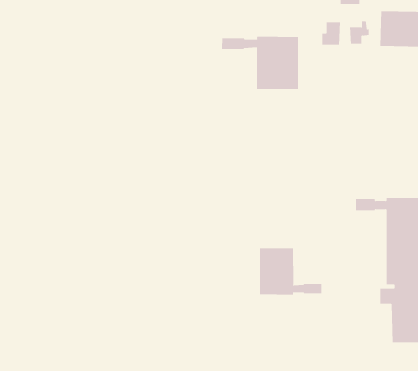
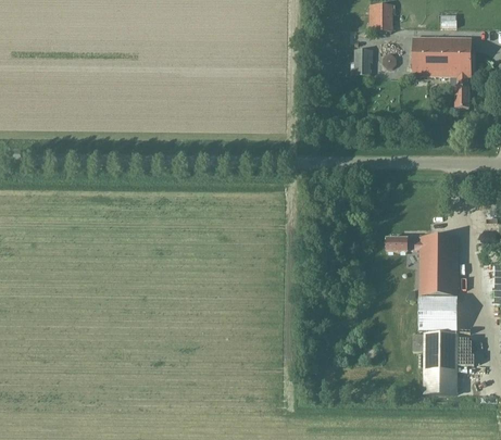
building: [222,36,299,90] -> none
building: [260,247,322,296] -> none

